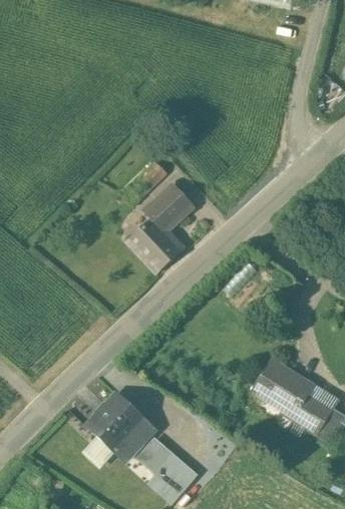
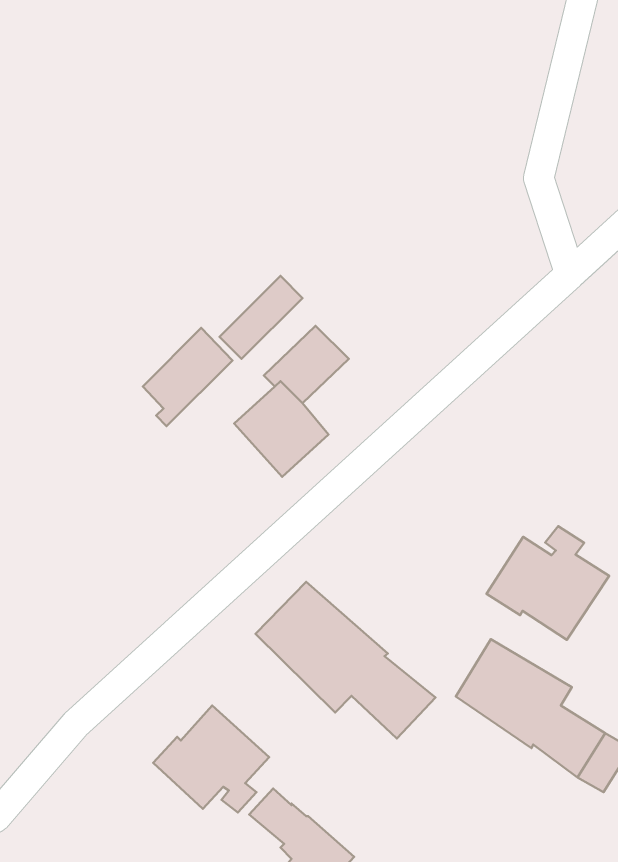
building: none -> [143,328,232,426]
building: none -> [487,526,609,640]
building: none -> [256,582,436,739]

